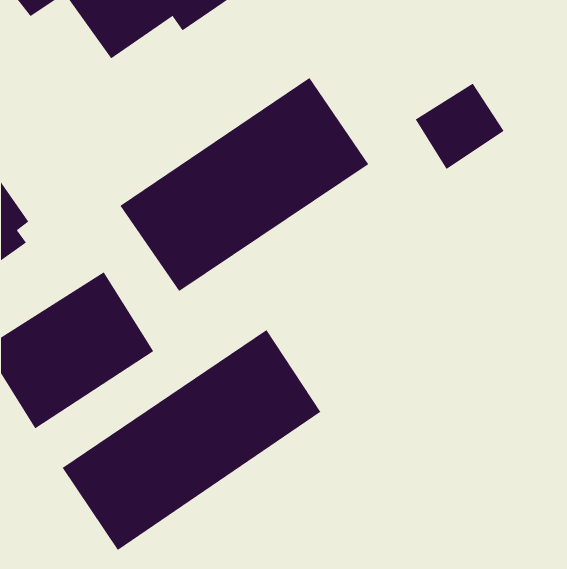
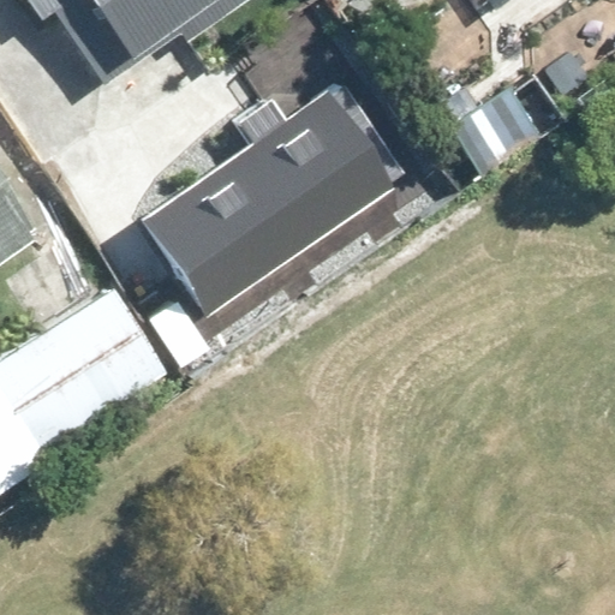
building: [62,329,321,551] -> none

